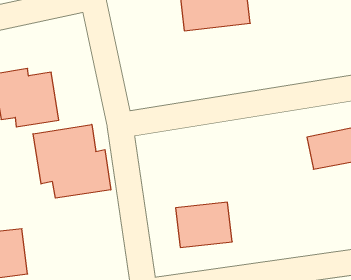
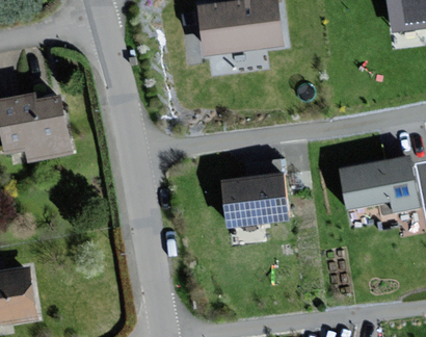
building: [33,124,111,198] -> none
building: [176,202,232,247] -> [222,175,285,225]

